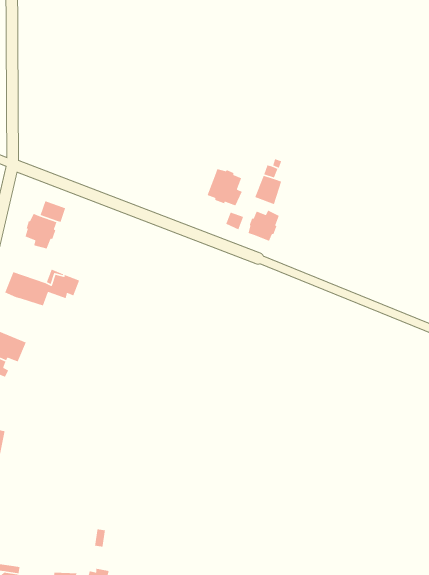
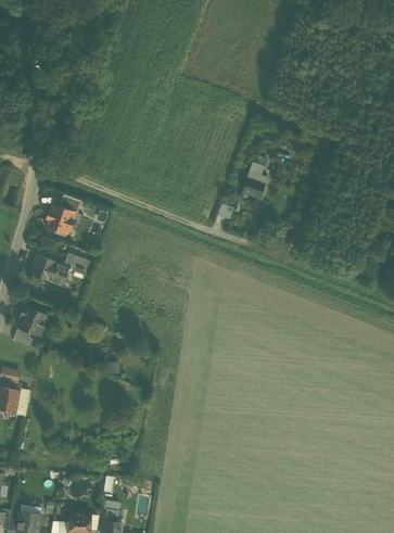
building: [207,168,243,206] -> none
building: [248,210,280,242] -> none

